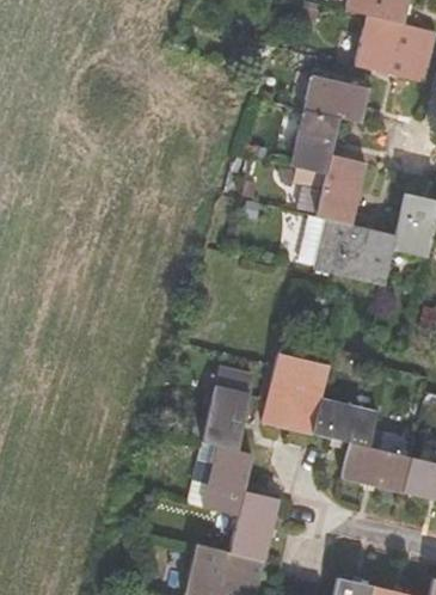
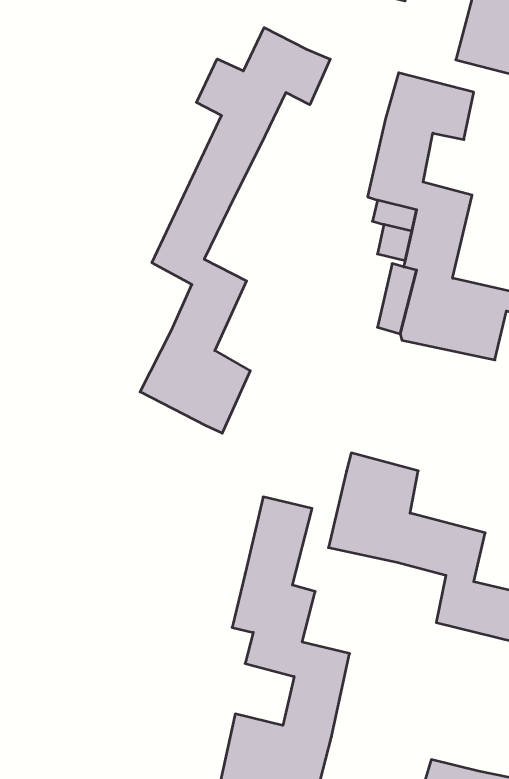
building: none -> [140,28,330,433]

